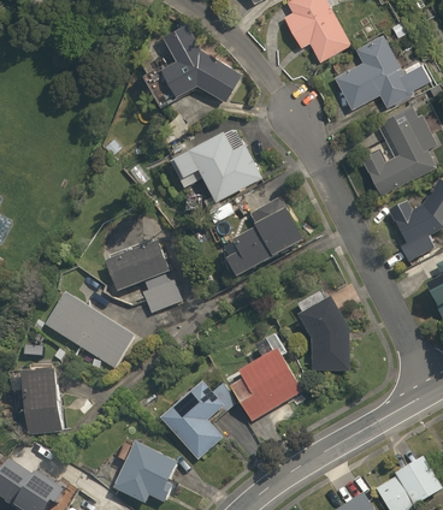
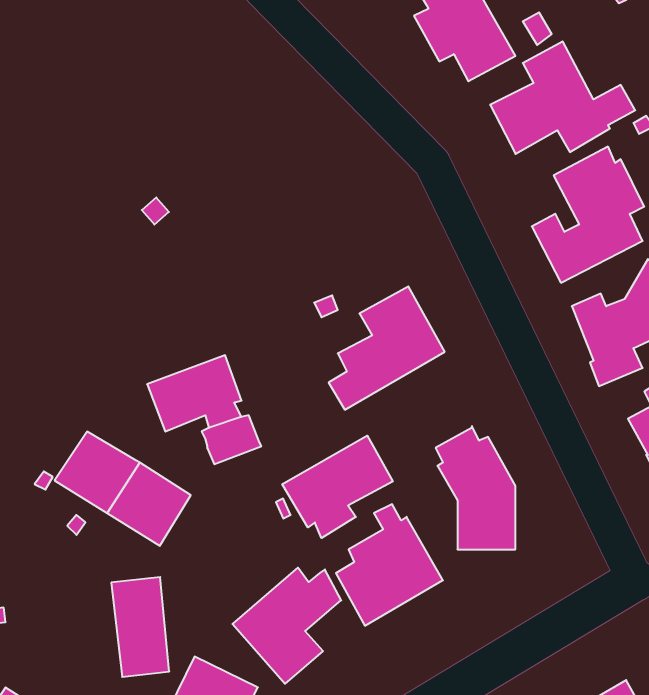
building: [160,22,241,100] -> none
building: [167,129,259,200] -> none
building: none -> [282,436,393,538]
building: [22,369,60,435] -> [111,577,169,677]

